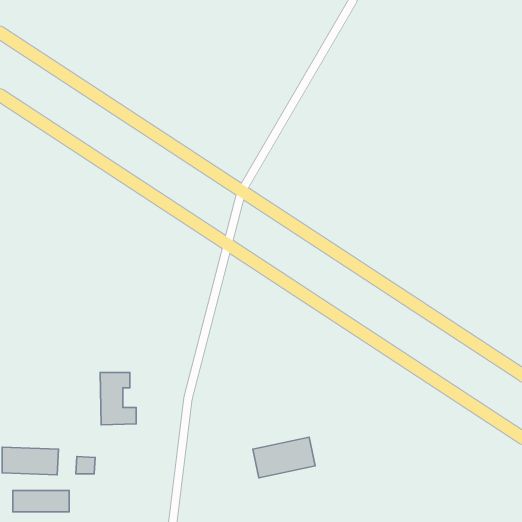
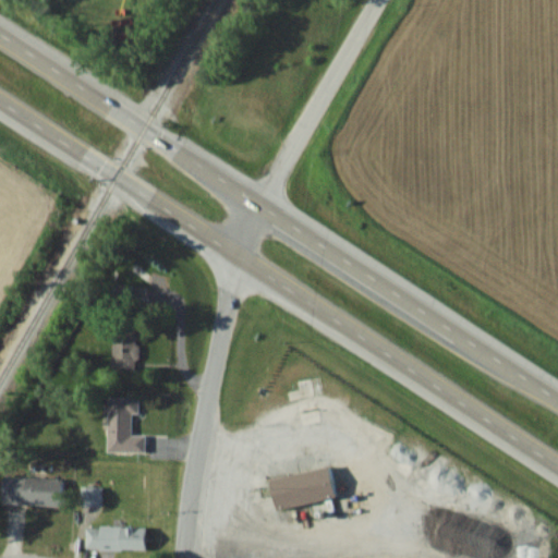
building: none -> [112,332,137,369]
building: [13,490,69,512] -> [86,527,146,550]

